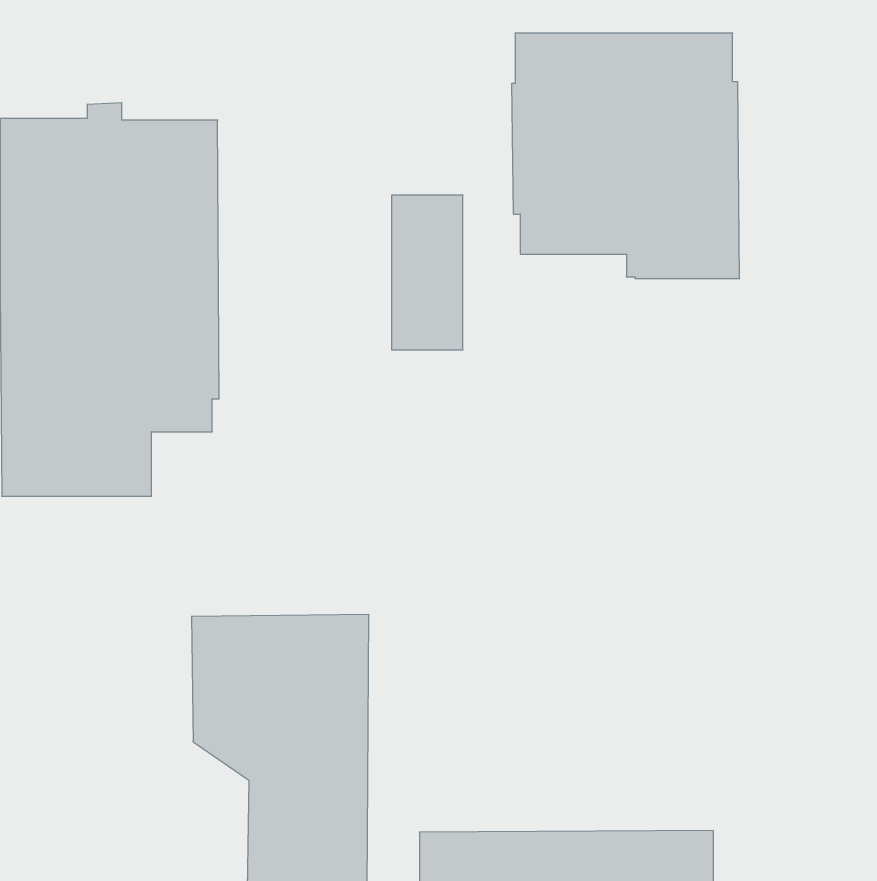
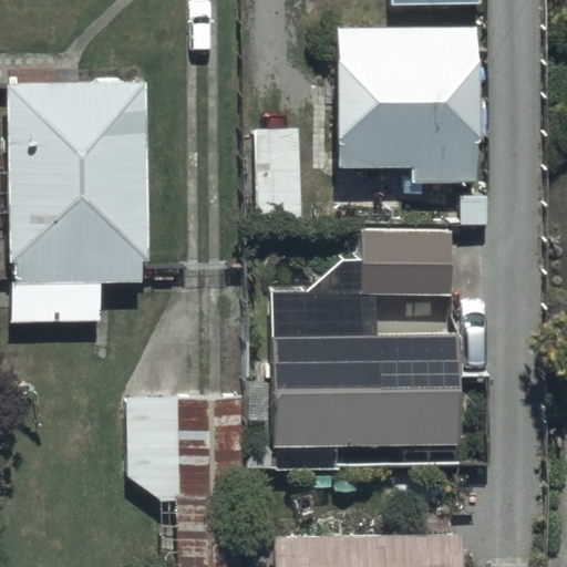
building: none -> [362,229,451,326]
building: none -> [270,333,460,471]

